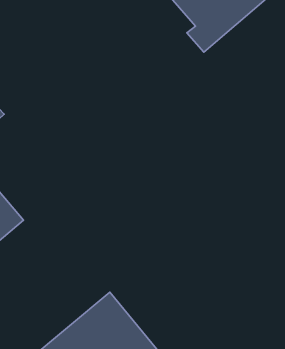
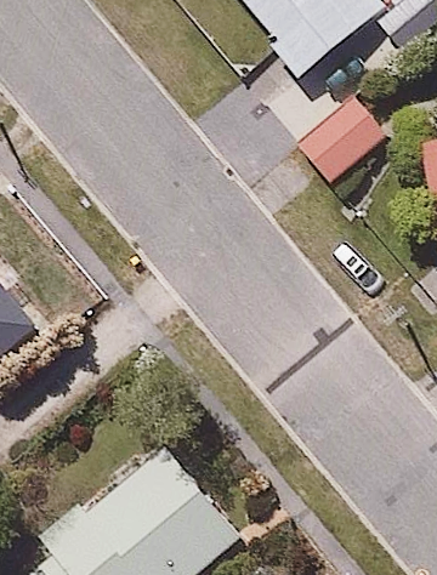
building: none -> [290,87,387,183]

